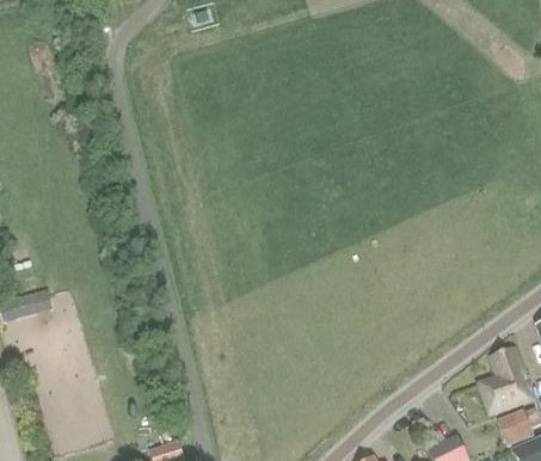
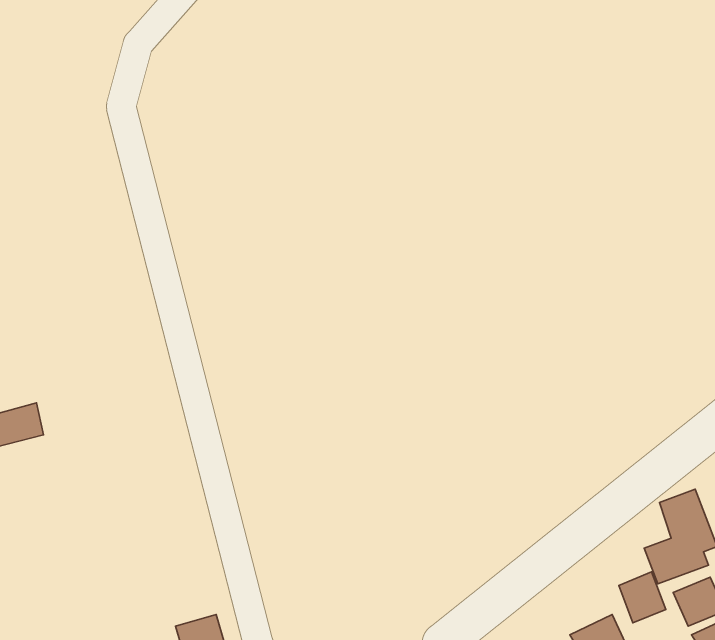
building: none -> [619,572,666,623]

